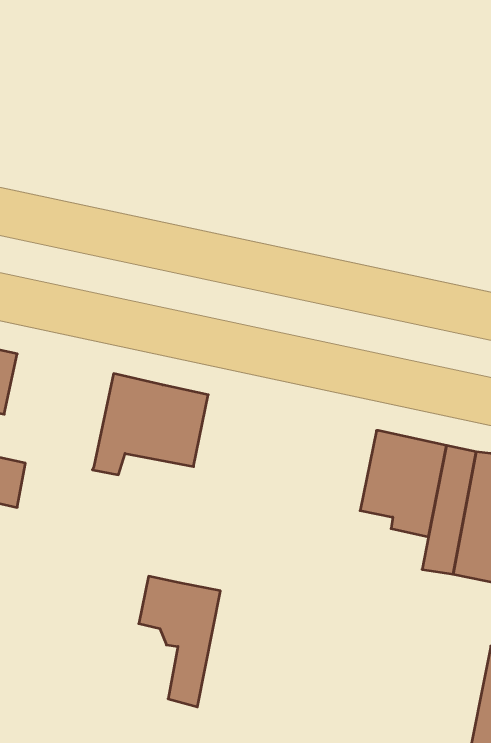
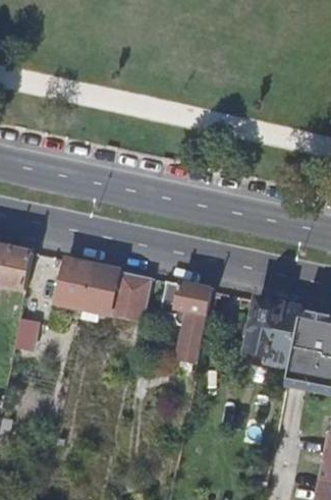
building: none -> [56,258,93,322]
building: [139,576,220,707] -> [160,280,211,362]

